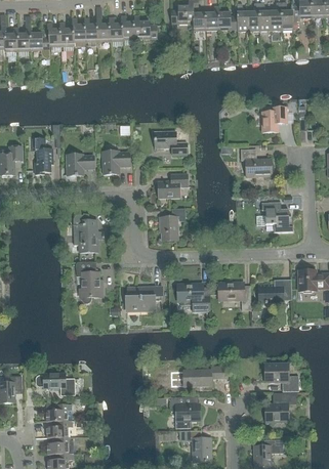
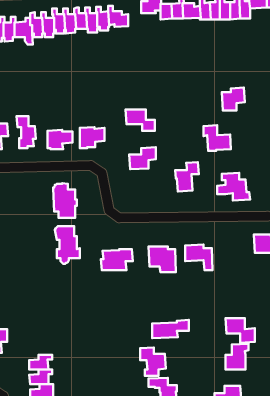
building: [158,207,184,240] -> [175,162,199,191]
building: [257,279,290,302] -> none
building: [35,372,74,394] -> none

